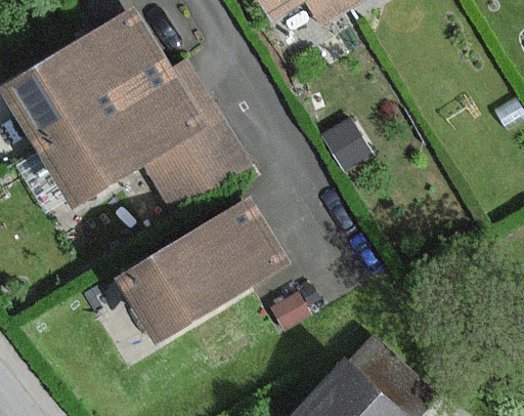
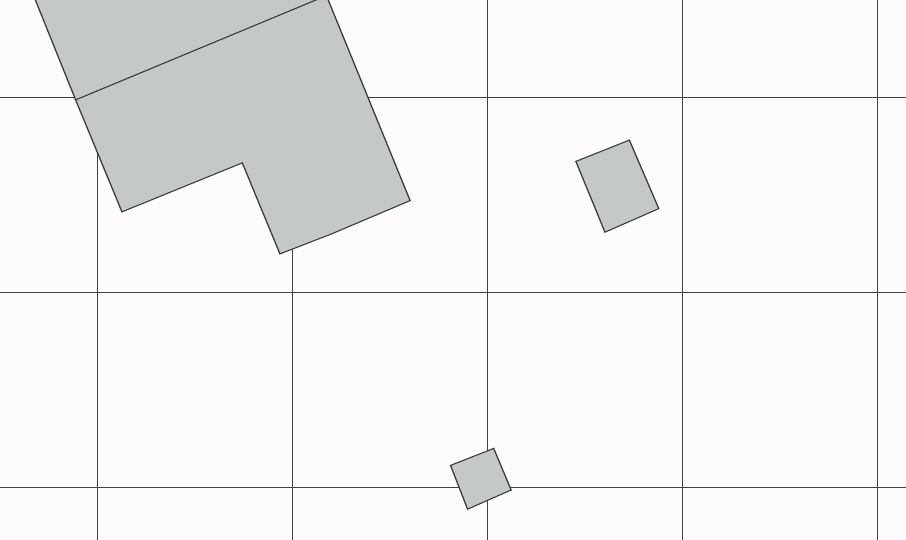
building: [124,201,276,335] -> none

